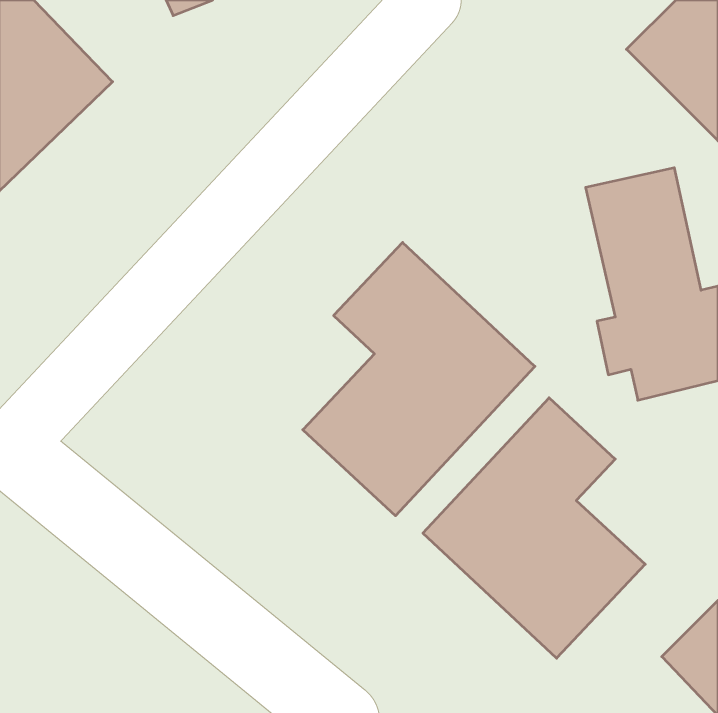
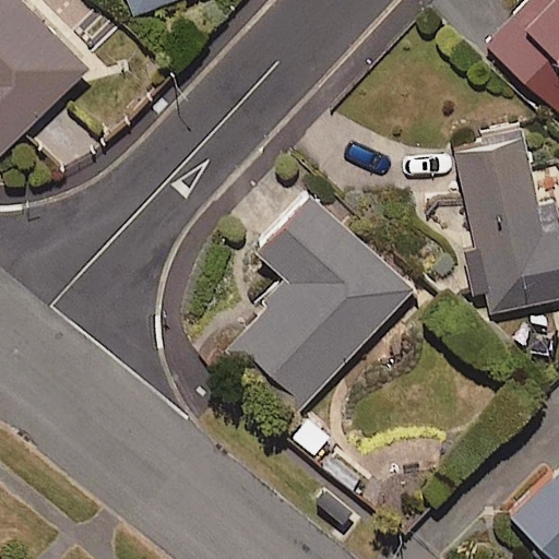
building: [423,398,645,658] -> none

